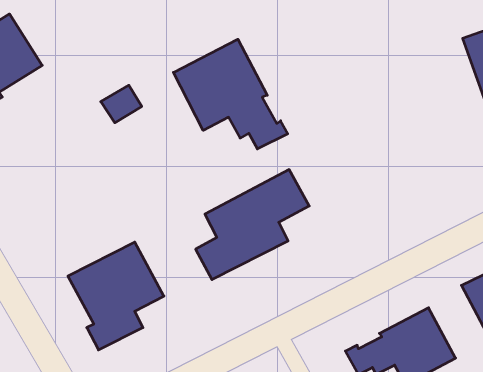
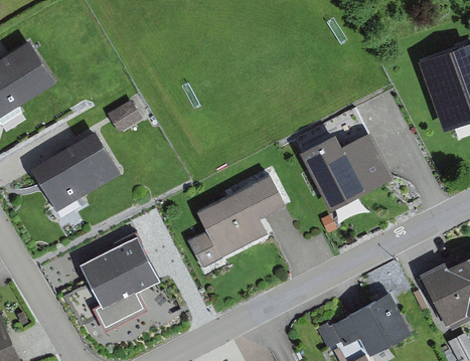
building: [173,39,288,149] -> none
building: none -> [30,132,121,213]
building: none -> [303,135,389,207]

